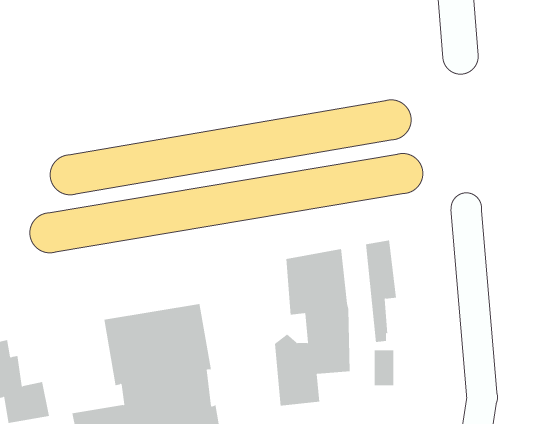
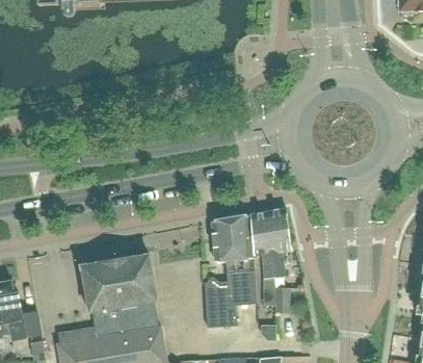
building: none -> [252,211,275,283]

